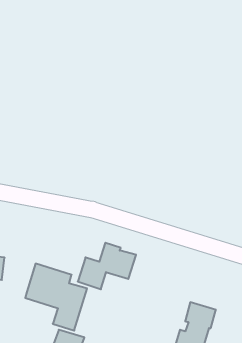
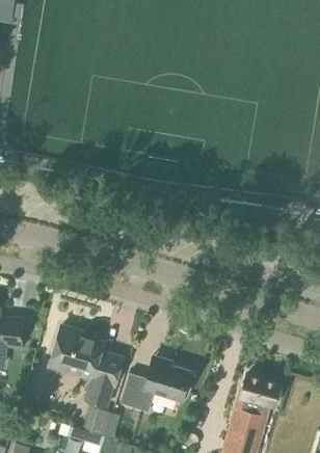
building: [78,243,136,289] -> [121,356,191,412]

